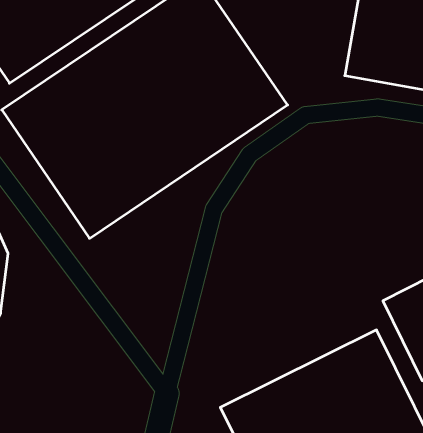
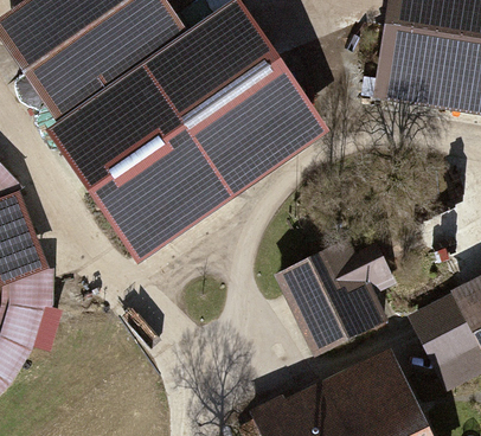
building: none -> [277,242,400,358]

